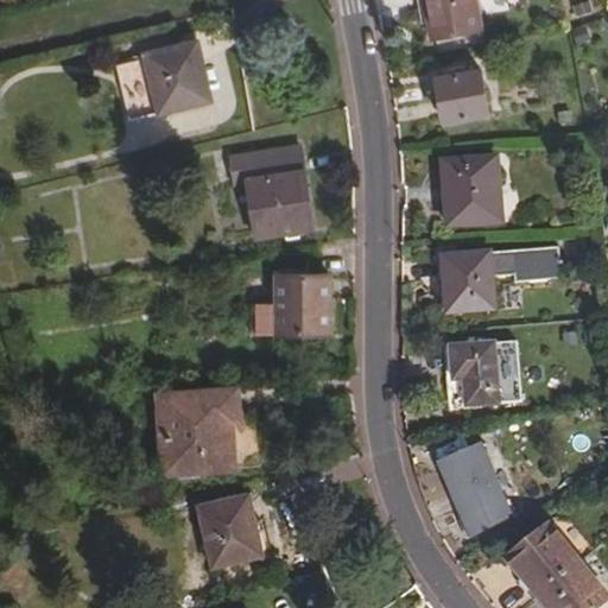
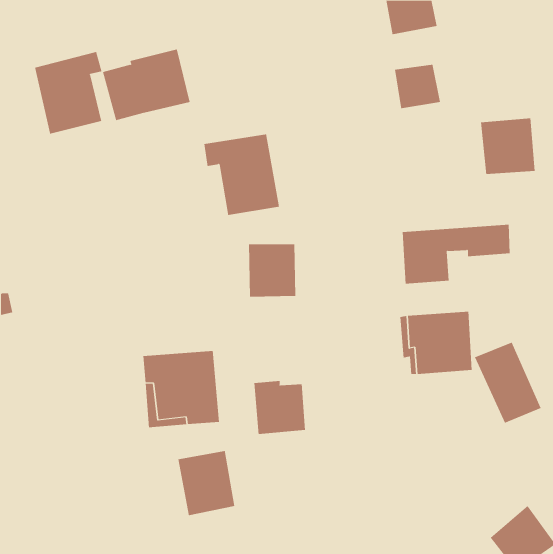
building: none -> [34,51,102,134]
building: [442,162,502,223] -> [480,118,536,174]
building: none -> [254,380,306,435]
building: [442,439,515,528] -> [474,342,542,423]
building: [509,517,580,589] -> none

